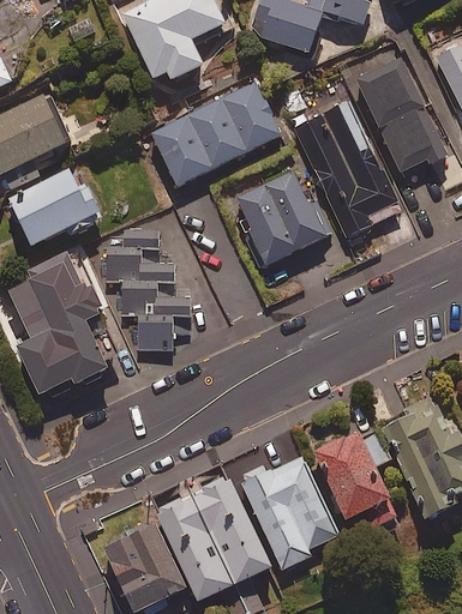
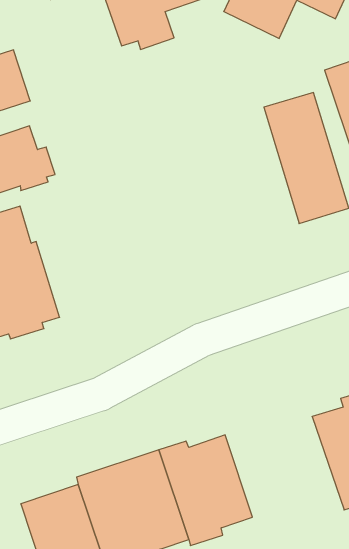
building: [150,82,280,185] -> none
building: [236,170,334,266] -> none
building: [106,230,190,349] -> none
building: [313,425,396,526] -> none

